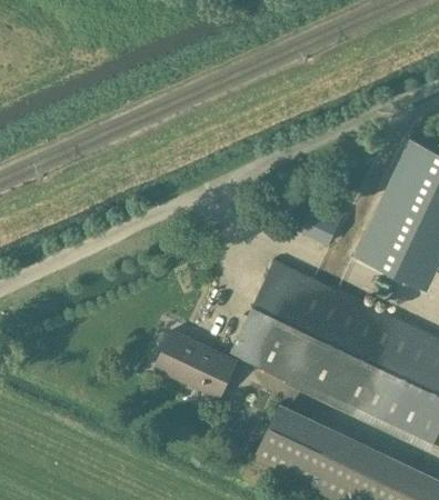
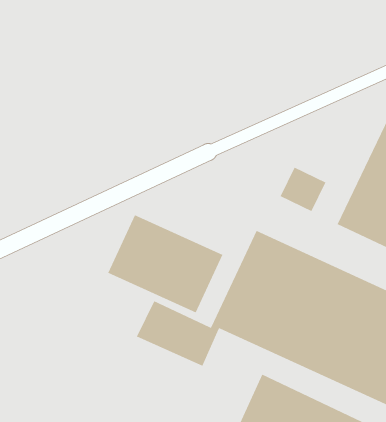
building: none -> [107,214,223,313]

